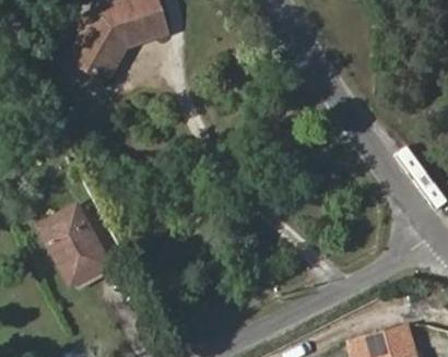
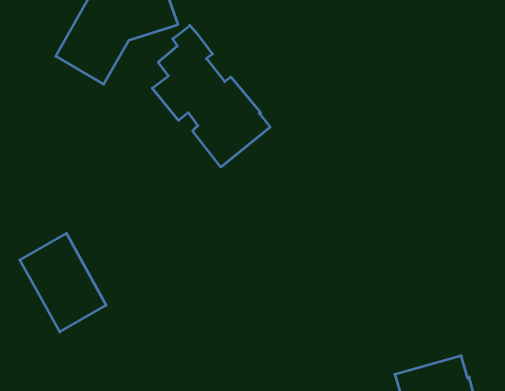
building: none -> [152,25,270,167]

